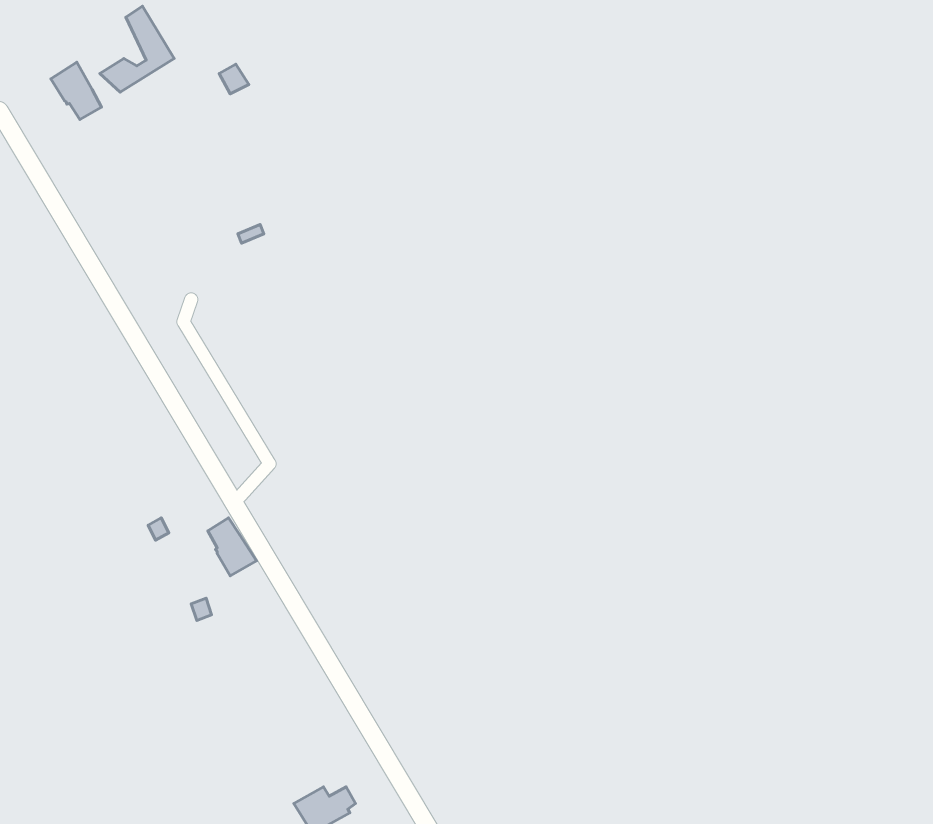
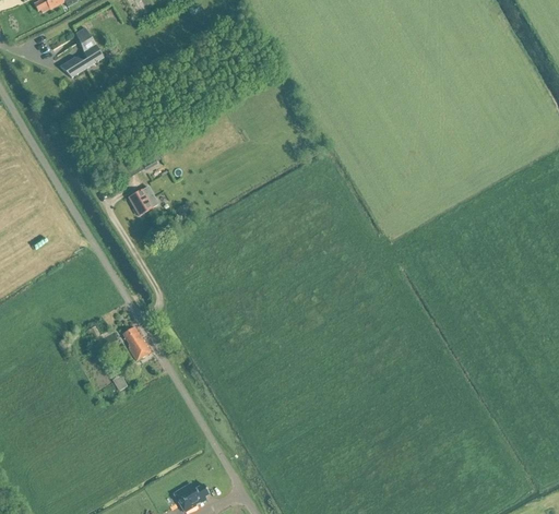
building: [51,62,102,120] -> none
building: none -> [128,187,157,215]

